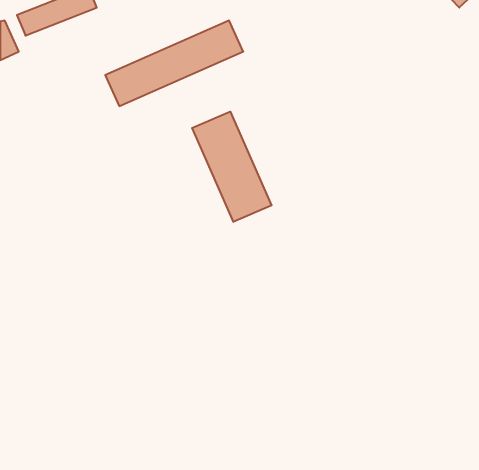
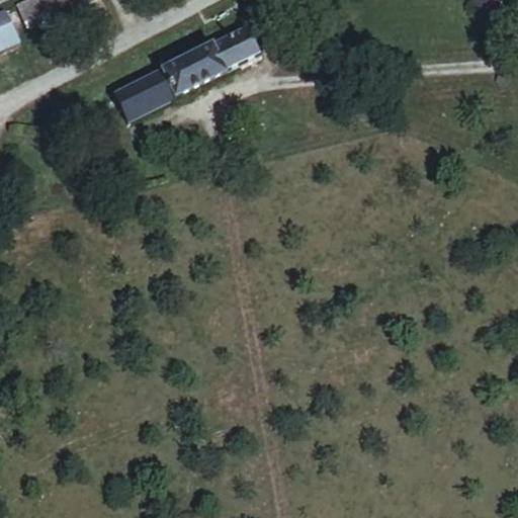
building: [192,112,272,222] -> none

